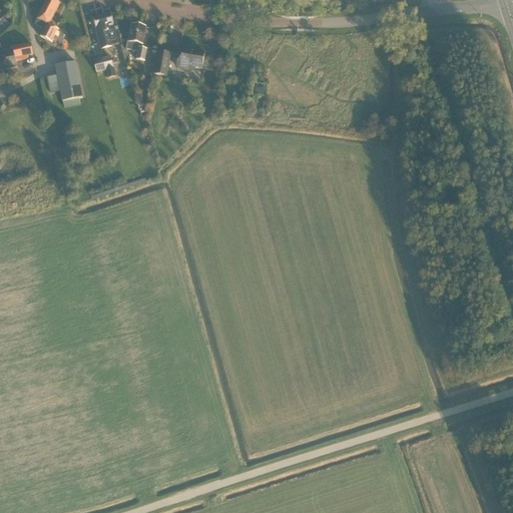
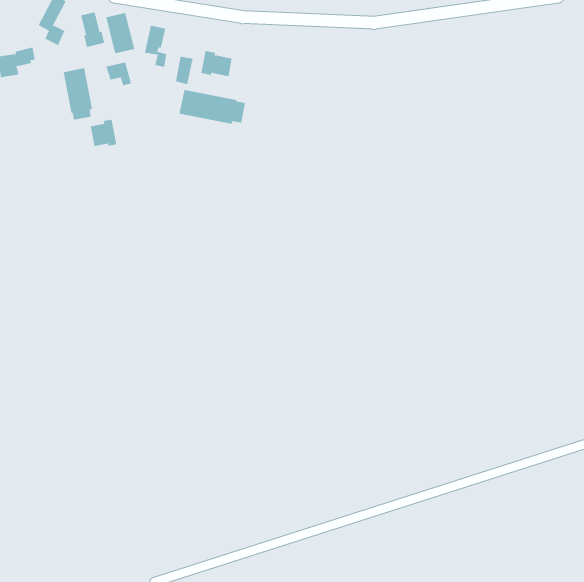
building: none -> [80,12,105,48]
building: none -> [179,89,246,125]
building: none -> [90,119,117,147]

